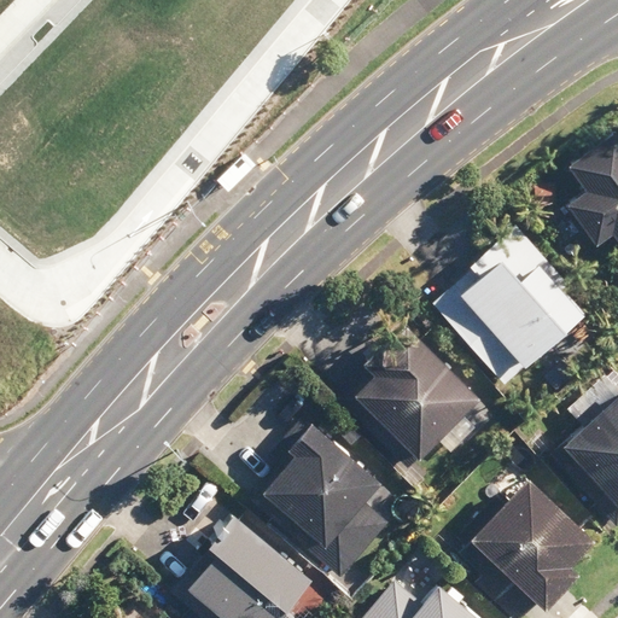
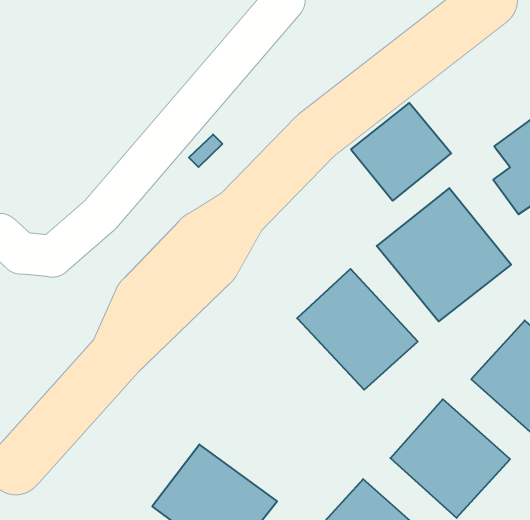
building: none -> [351,103,451,201]
building: [257,427,395,560] -> none

